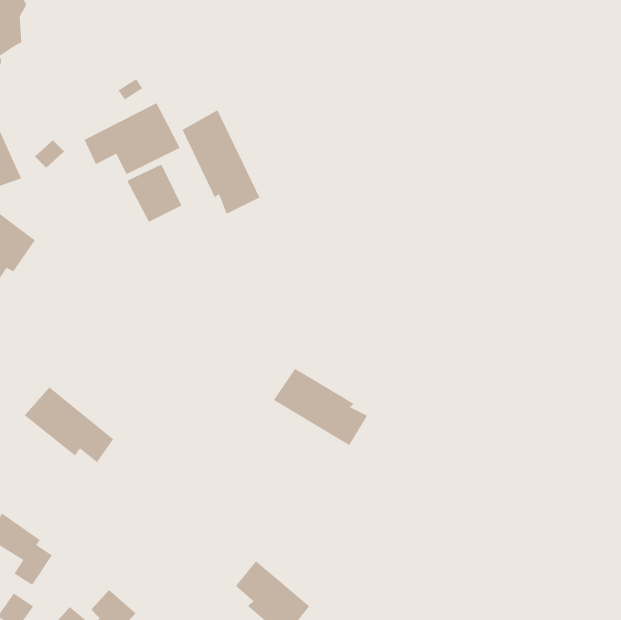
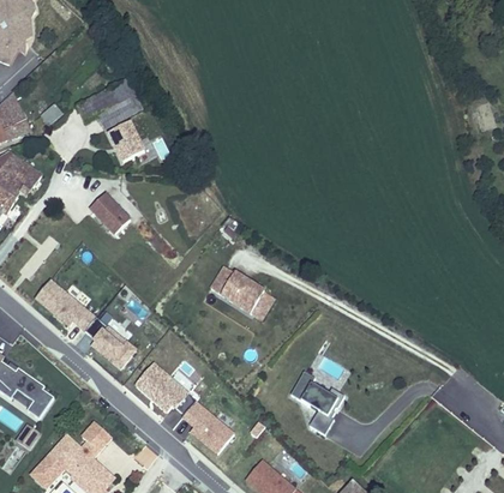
building: [181,109,261,215] -> none
building: none -> [89,193,131,234]
building: none -> [90,324,138,369]
building: none -> [133,361,190,411]
building: none -> [290,369,338,434]

